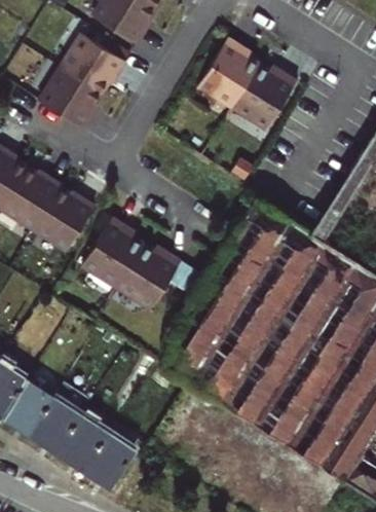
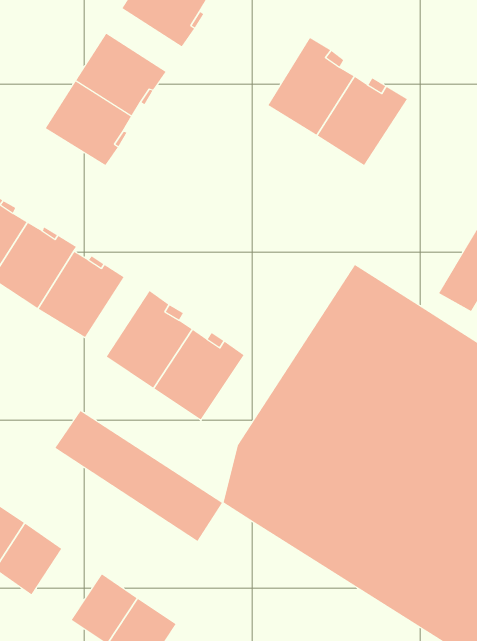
building: none -> [55,410,223,542]
building: [31,401,80,451] -> none

